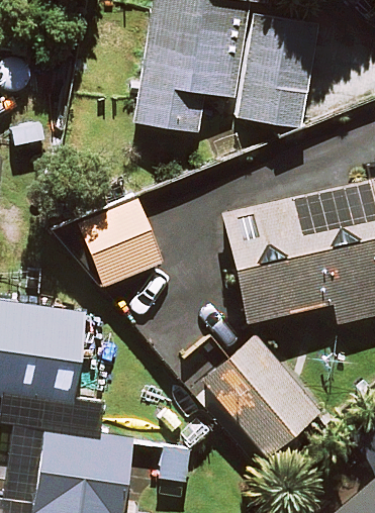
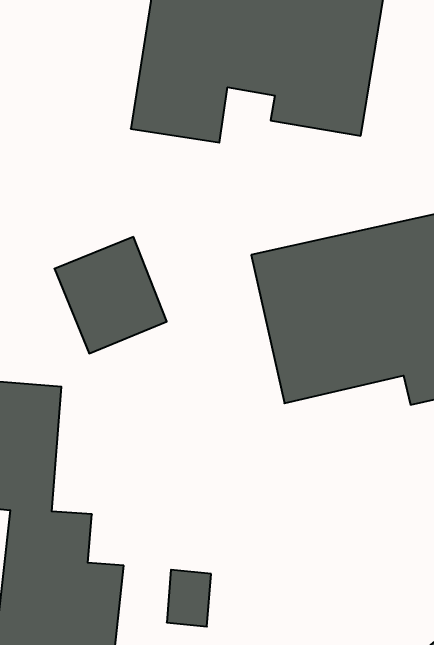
building: [202,334,320,456] -> none

